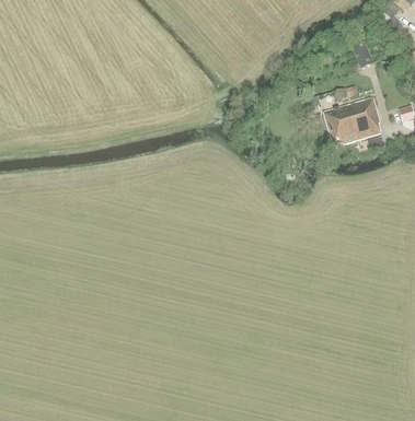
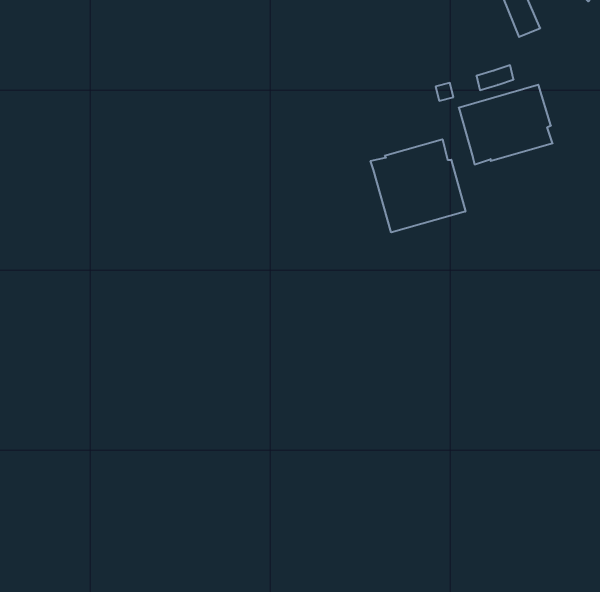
building: none -> [371,139,465,232]

